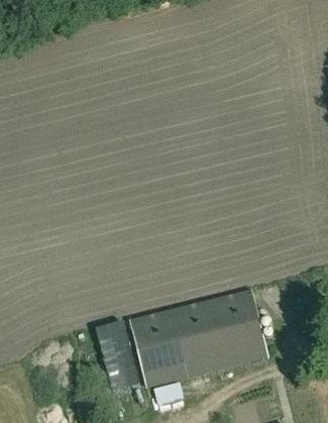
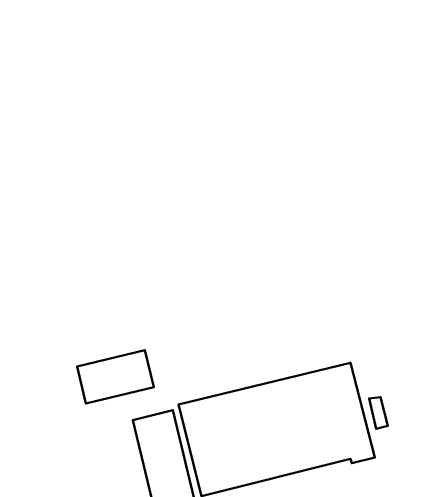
building: none -> [77,350,154,404]

